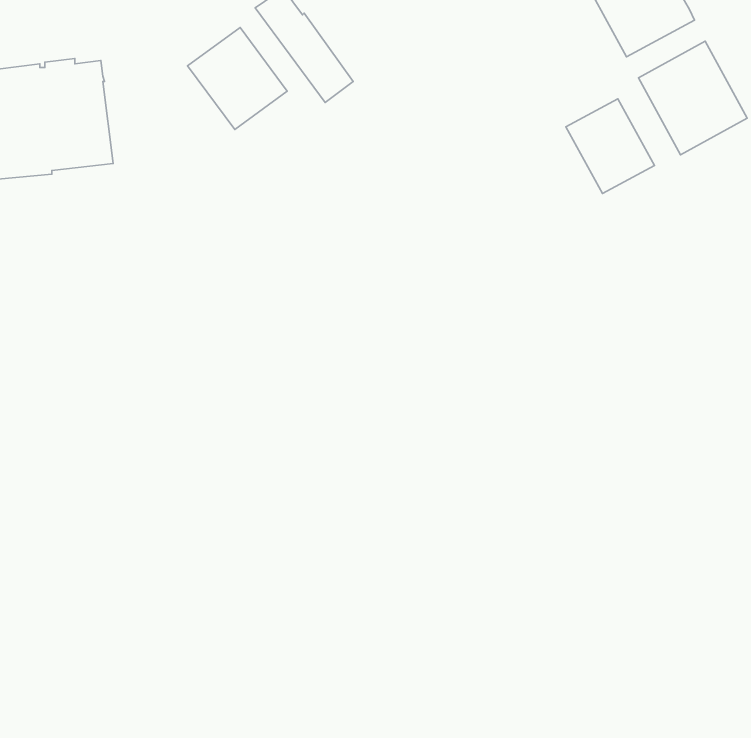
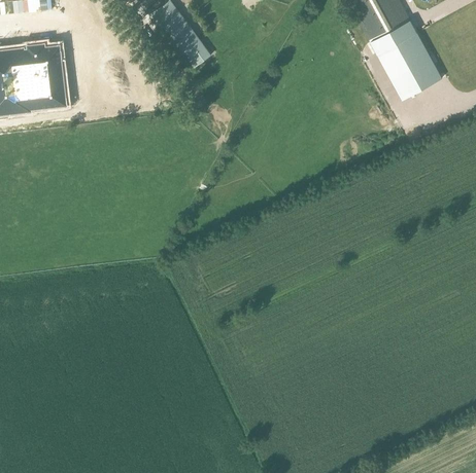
building: [187,27,287,130] -> none
building: [566,99,654,194] -> none

